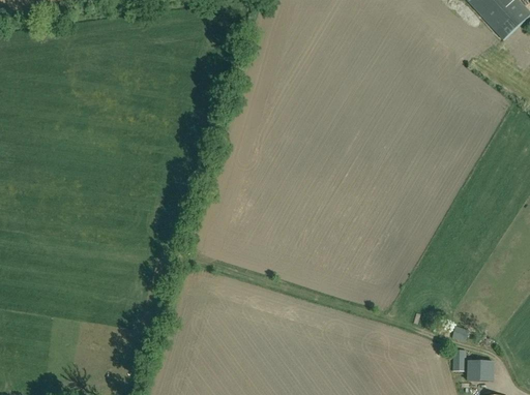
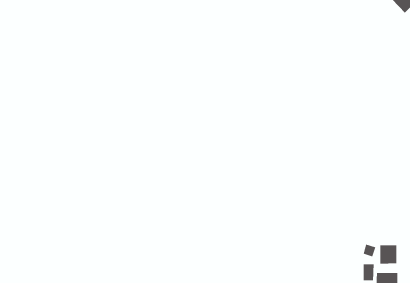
building: none -> [380,244,397,265]

